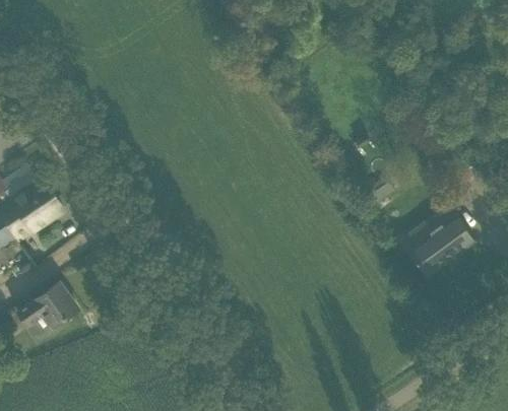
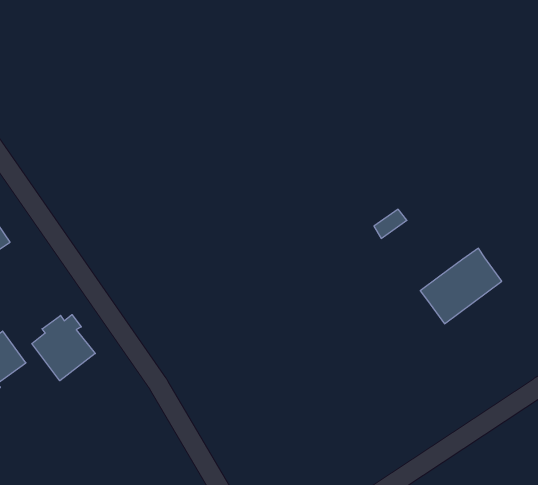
building: none -> [32,315,95,381]

